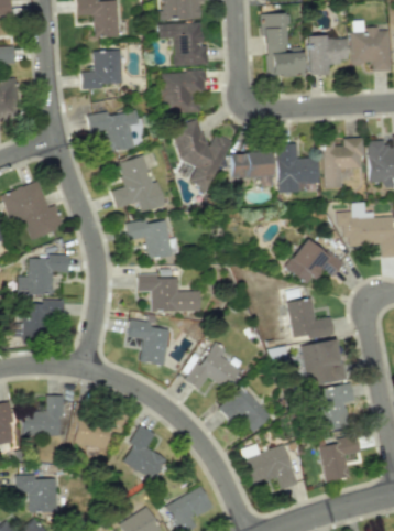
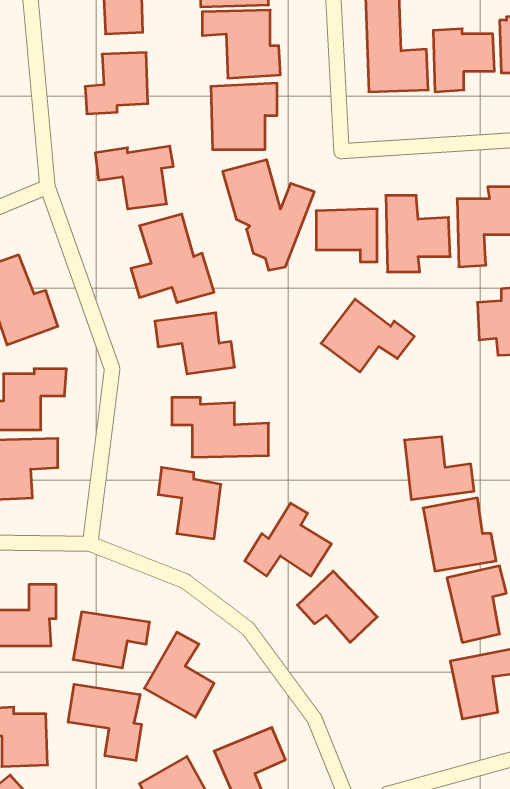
building: [284,238,344,285] -> [321,299,414,372]
building: [244,443,298,489] -> none
building: none -> [68,684,141,761]

